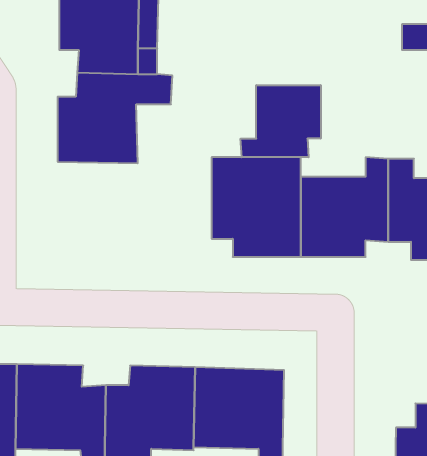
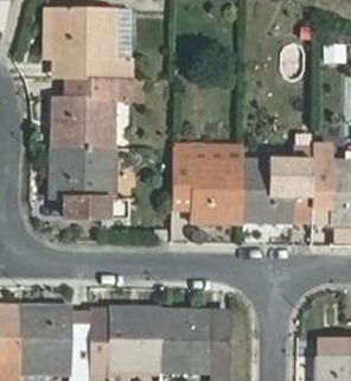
building: [241,85,321,157] -> none
building: none -> [51,147,128,218]

